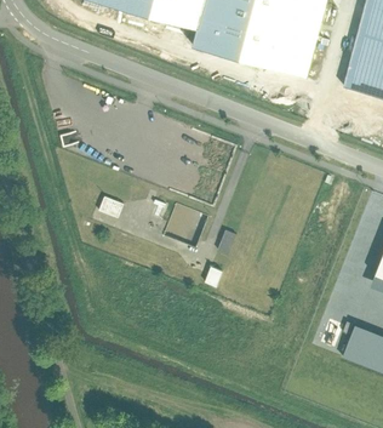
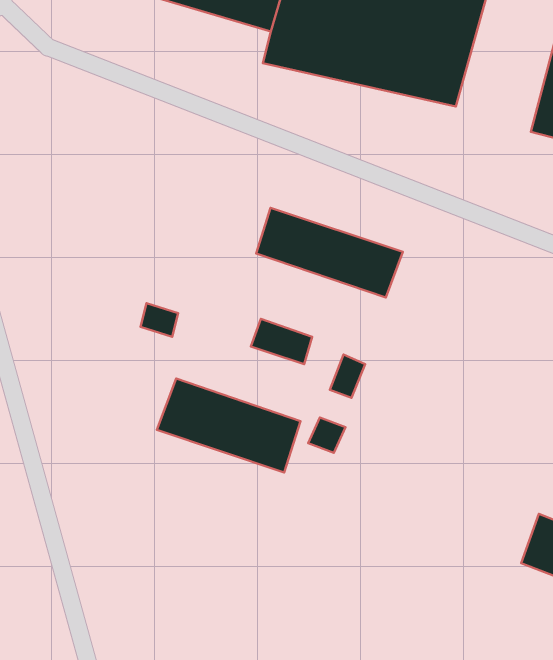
building: none -> [256,208,403,298]
building: none -> [157,379,300,472]

